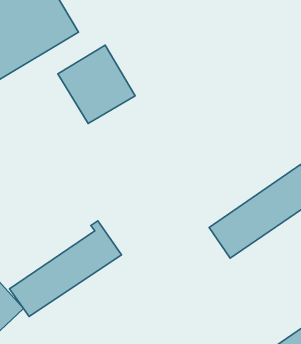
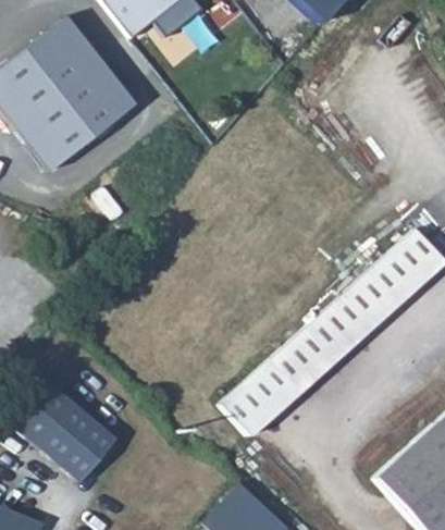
building: [58,45,135,124] -> none
building: [9,221,121,317] -> [223,311,348,433]

